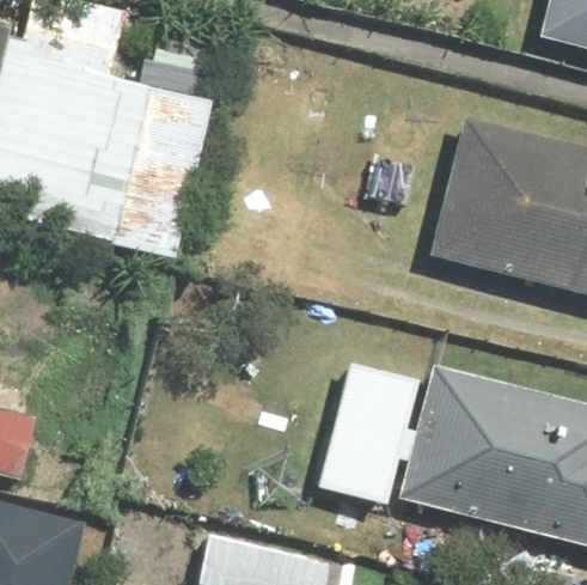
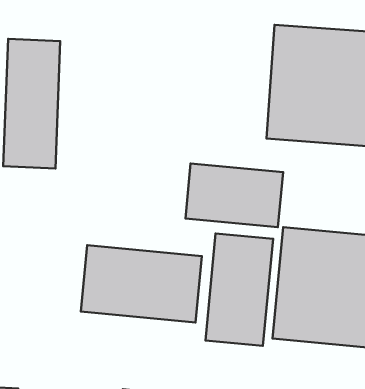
building: none -> [185,163,283,227]
building: none -> [81,245,202,322]

